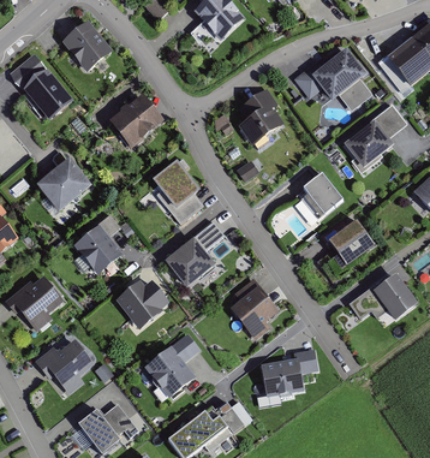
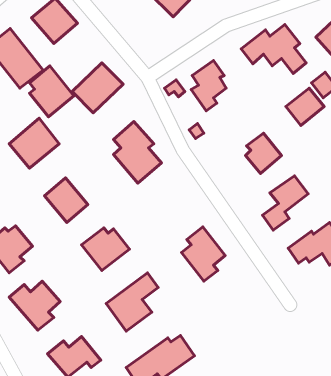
building: none -> [30,66,74,117]
building: [163,222,223,289] -> none
building: [259,345,319,394] -> none

